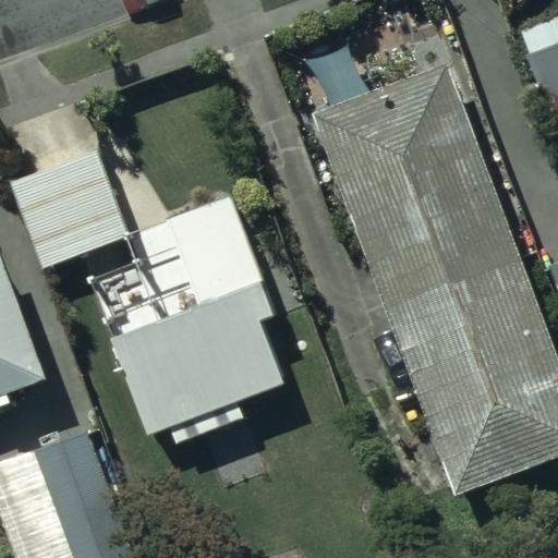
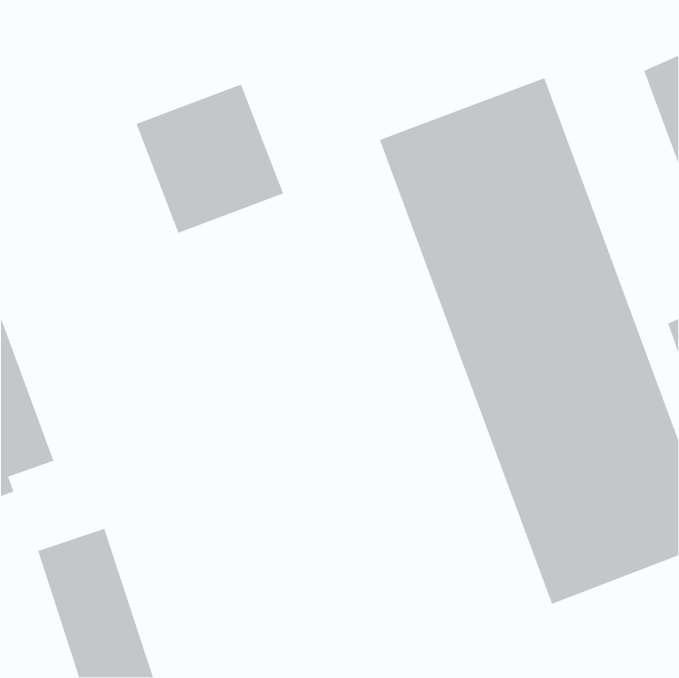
building: [9,147,131,270] -> [135,83,284,234]
building: [111,194,288,444] -> none

